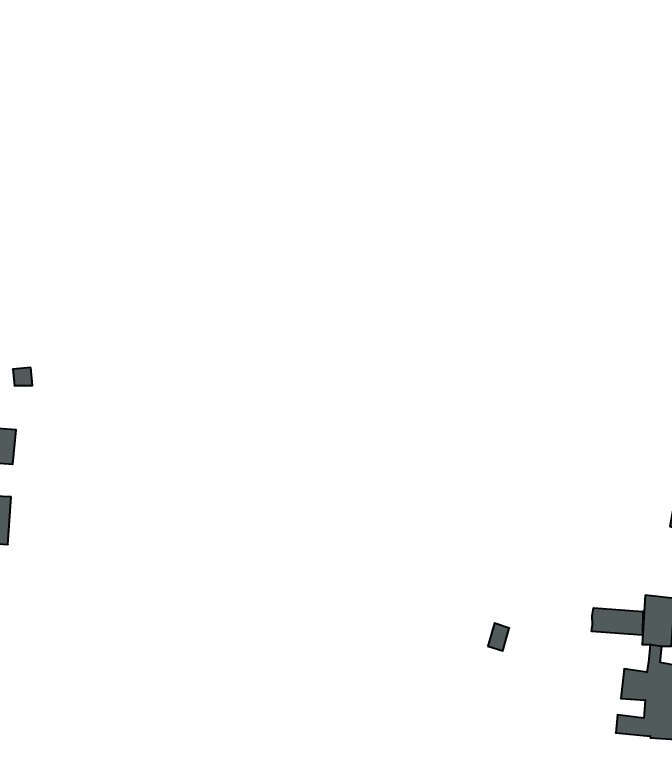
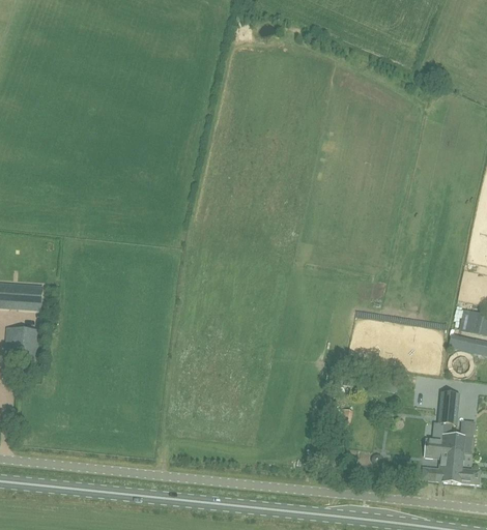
building: [592,608,643,635] -> none

